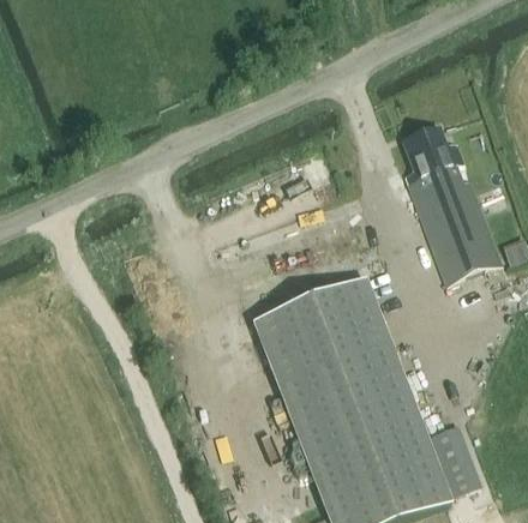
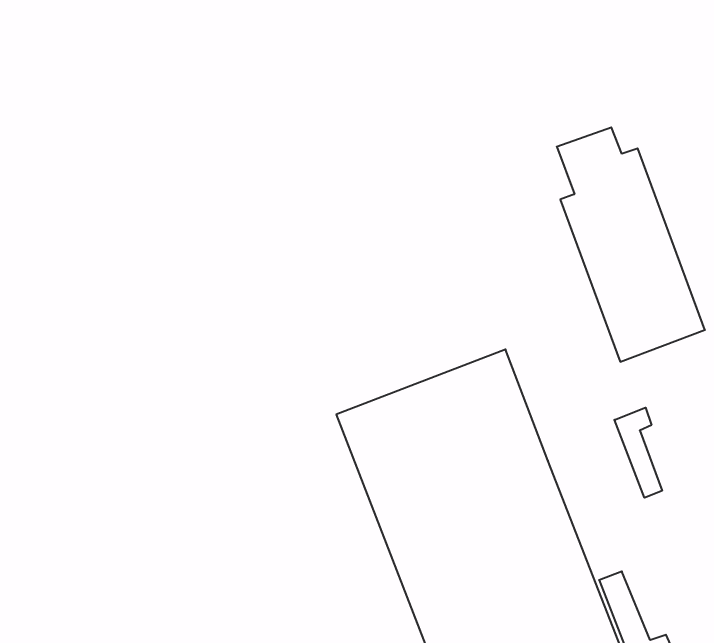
building: none -> [614,408,662,498]

